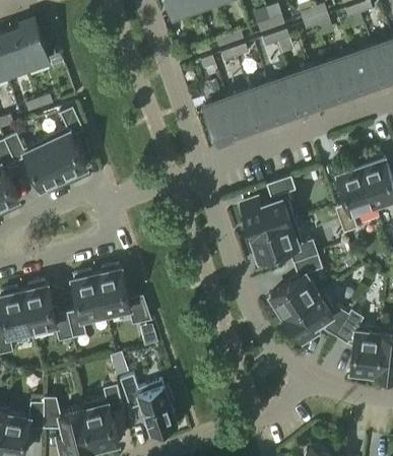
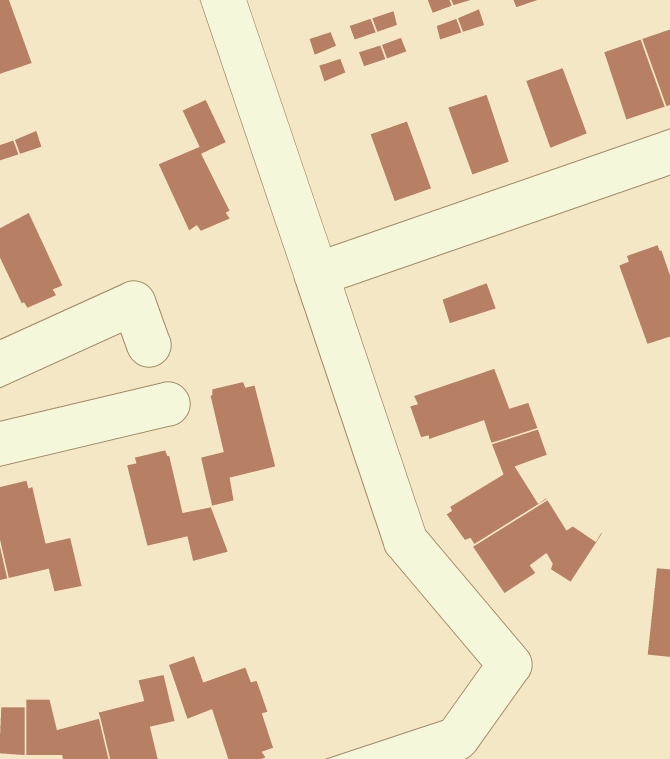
building: [331,54,365,97] -> none
building: [290,69,324,113] -> none
building: [248,83,282,127] -> none
building: [205,97,241,142] -> none
building: [46,108,86,179] -> [155,99,231,232]
building: [335,166,376,234] -> none
building: [240,199,294,238] -> none
building: [68,272,109,339] -> [200,381,276,507]
building: [335,311,381,378] -> none

